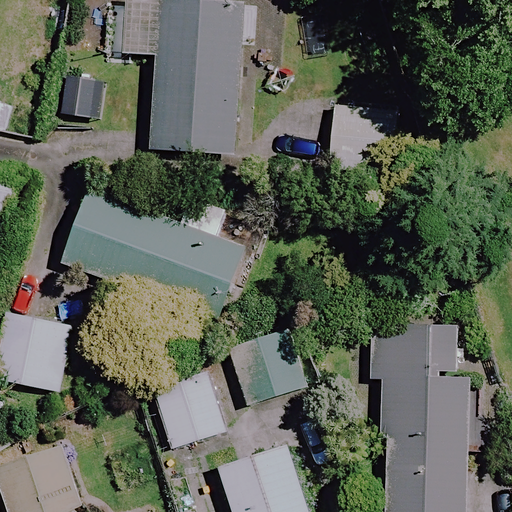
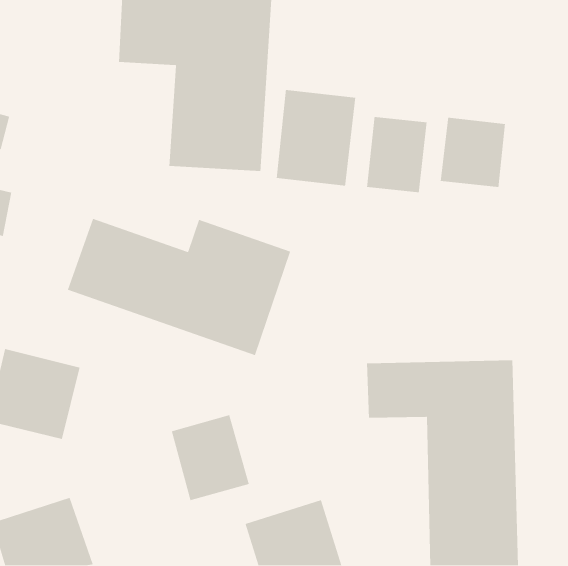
building: none -> [276,89,356,186]
building: none -> [440,117,506,188]
building: [227,329,301,406] -> none

